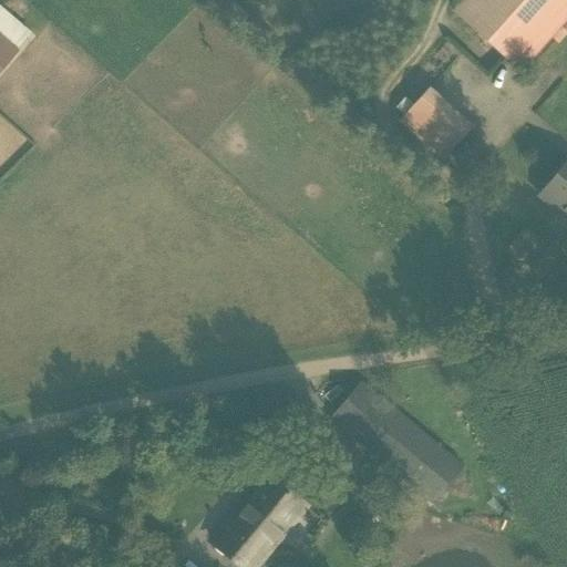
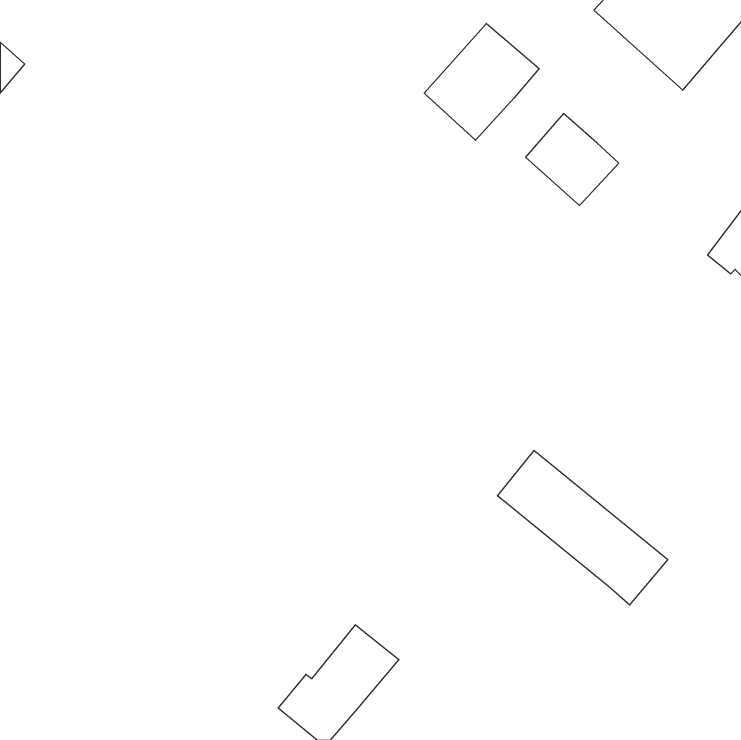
building: none -> [424,23,539,140]
building: [334,381,464,498] -> [497,450,668,605]

